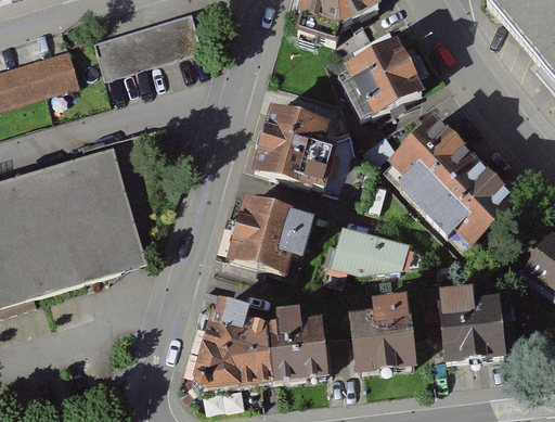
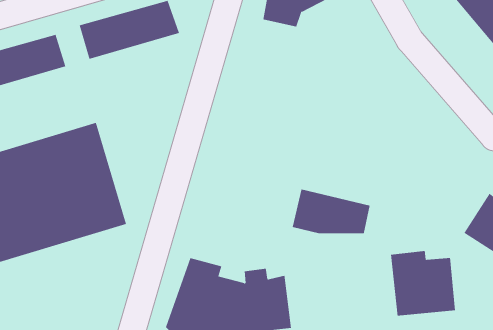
building: [343,36,424,118] -> none
building: [253,103,346,190] -> none
building: [385,110,518,245] -> none
building: [225,197,310,279] -> none
building: [348,297,415,373] -> none

